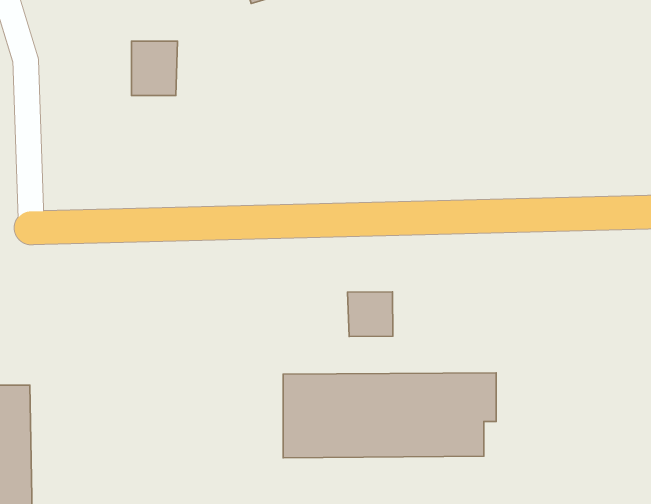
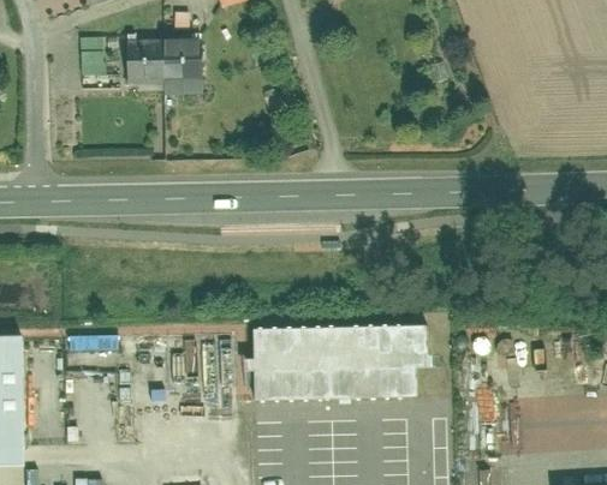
building: none -> [157,38,197,92]
building: [348,292,393,336] -> none

